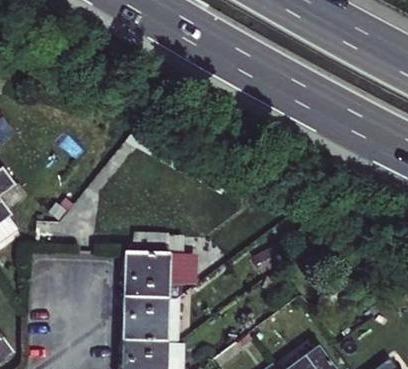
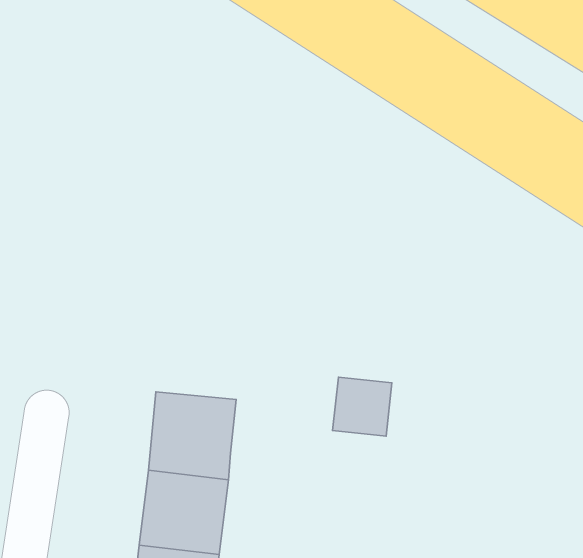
building: [167,253,198,284] -> [333,377,392,436]

